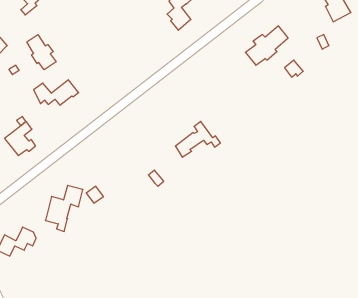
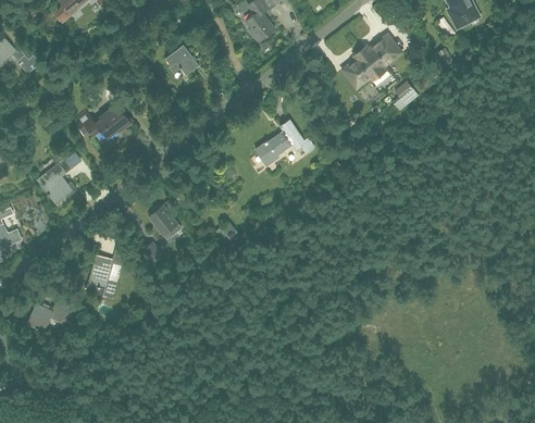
building: none -> [164,43,198,75]
building: [27,35,56,70] -> none
building: [175,121,220,157] -> [256,120,313,165]
building: none -> [147,204,181,239]

